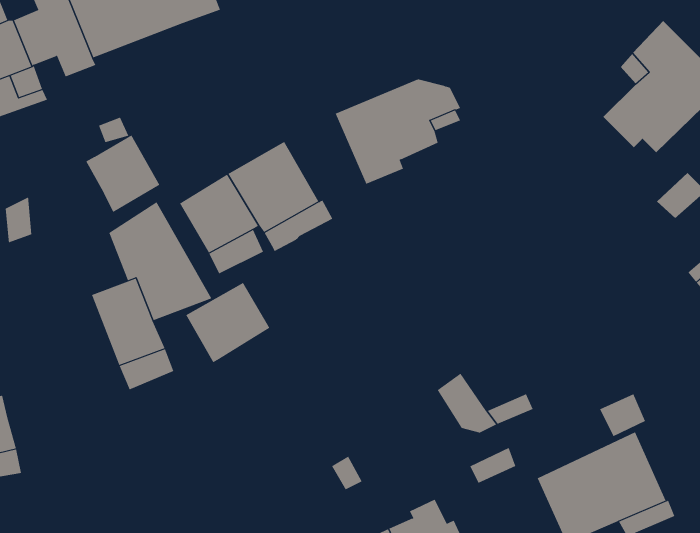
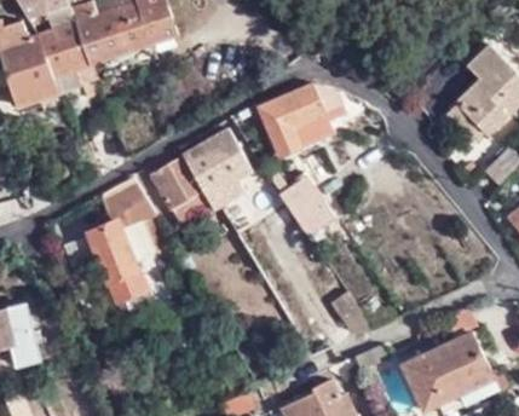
building: [86,135,160,213] -> none
building: none -> [284,175,340,236]
building: [185,282,270,363] -> none

